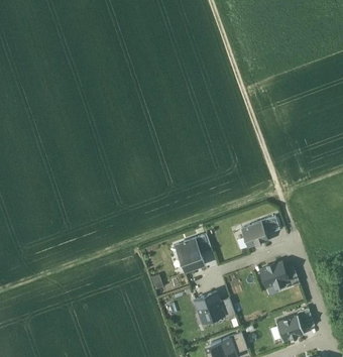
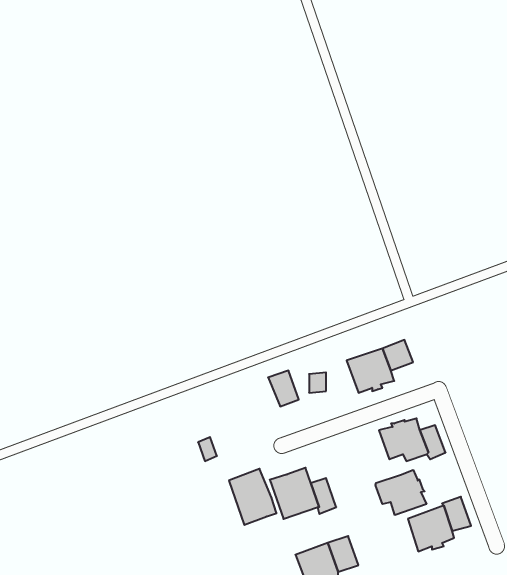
building: [175,239,203,272] -> [229,469,277,525]
building: none -> [376,470,426,515]

